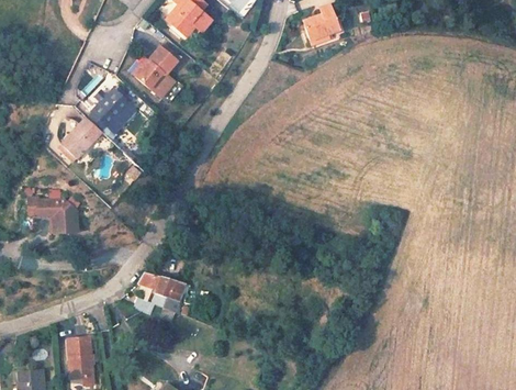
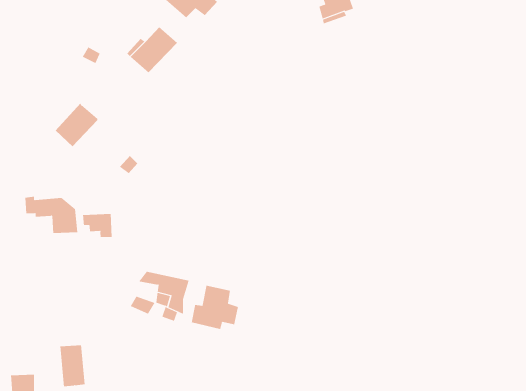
building: [88,88,131,132] -> none
building: none -> [82,213,112,238]
building: none -> [191,285,238,330]

